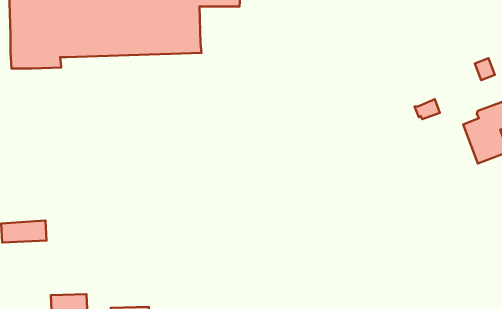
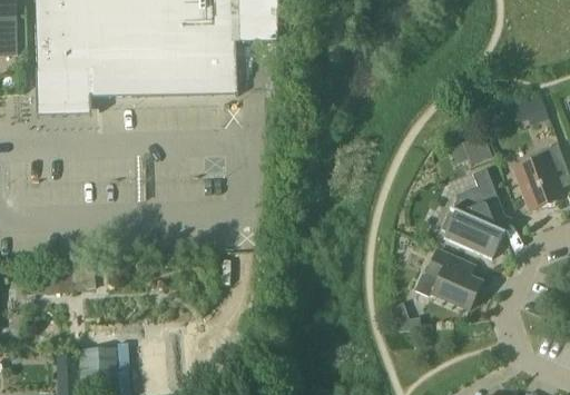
building: none -> [441,167,503,257]
building: none -> [415,248,481,309]

